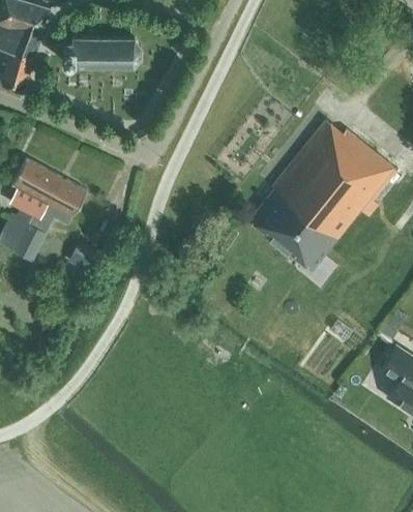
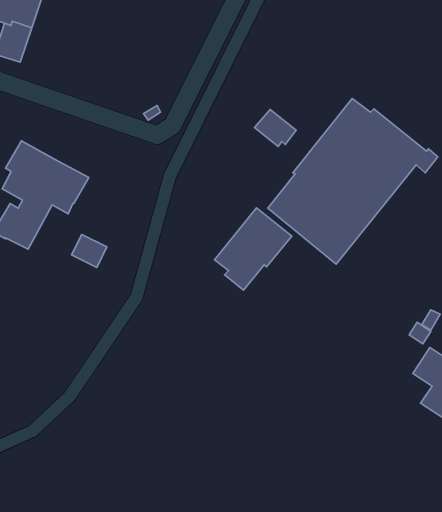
building: [63,38,141,67] -> none
building: none -> [255,109,296,146]
building: none -> [215,208,292,290]

